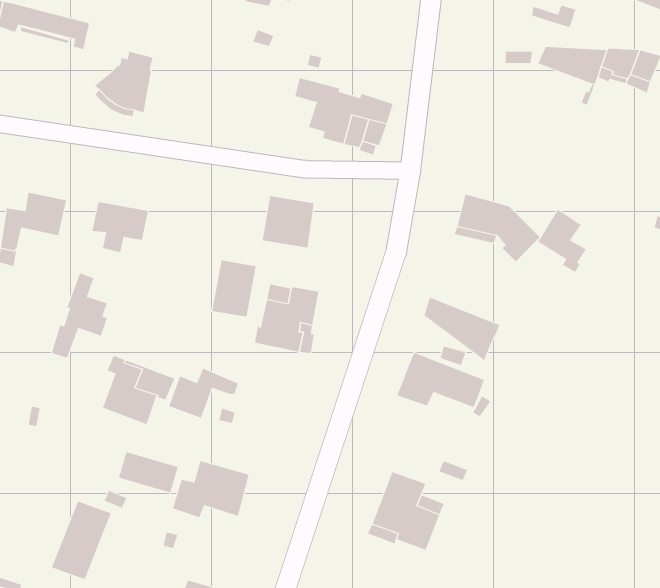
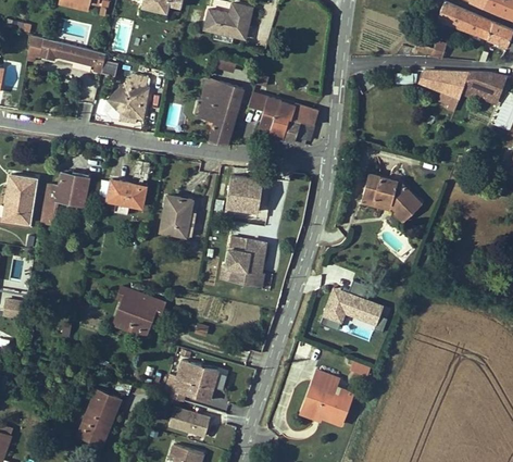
building: none -> [199,78,243,146]
building: [538,209,587,273] -> none
building: [212,260,256,317] -> [161,197,192,237]
building: [51,273,108,359] -> none
building: [424,297,500,361] -> none
building: [168,368,239,418] -> none
building: [118,451,178,493] -> [168,408,211,437]

